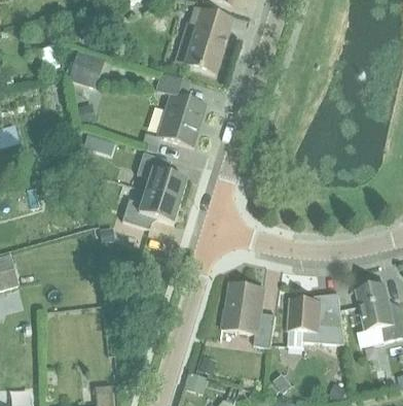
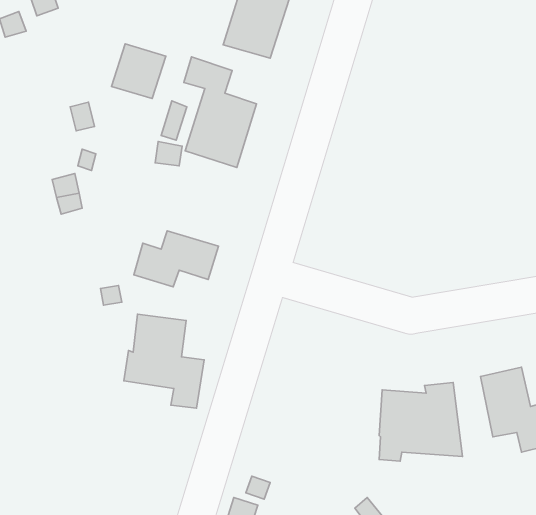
building: [68,49,105,87] -> [111,44,166,99]
building: [136,151,185,200] -> none
building: [221,282,276,346] -> [124,314,204,408]

